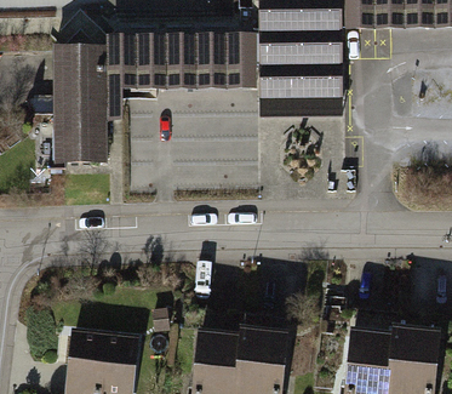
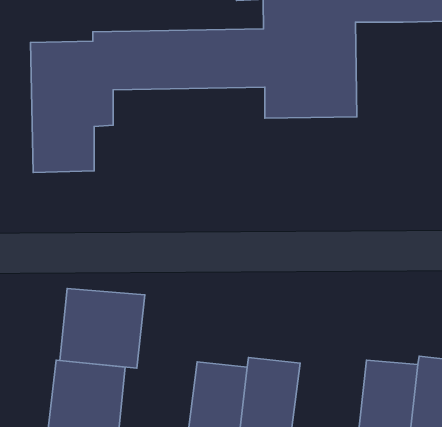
building: none -> [60,288,145,368]

